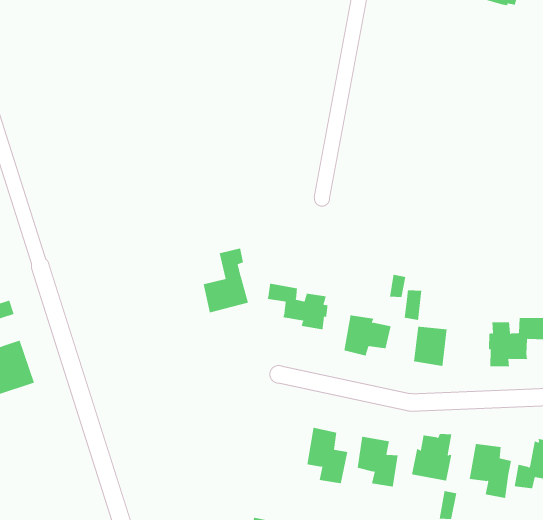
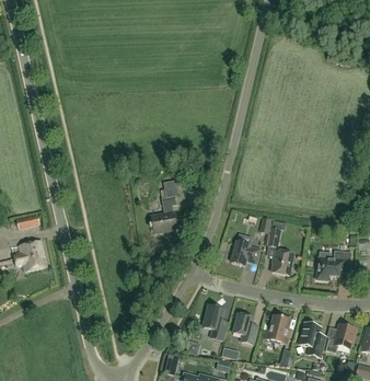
building: [267,283,328,330] -> none

